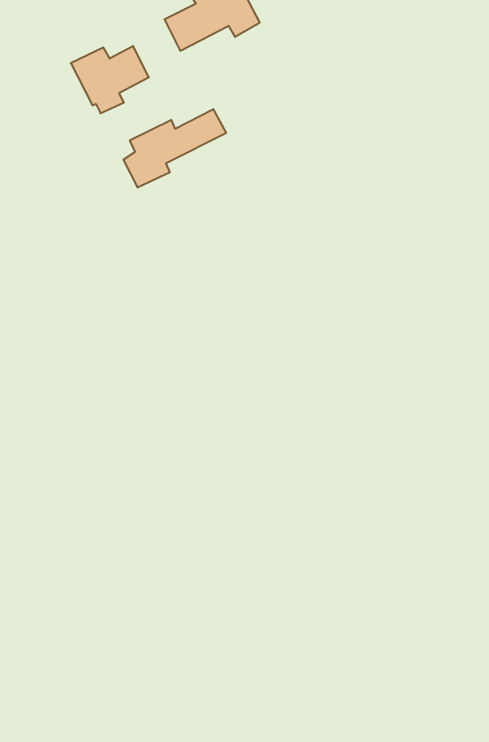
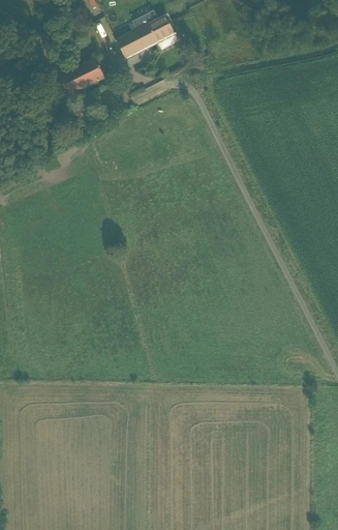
building: [124,109,226,188] -> none

